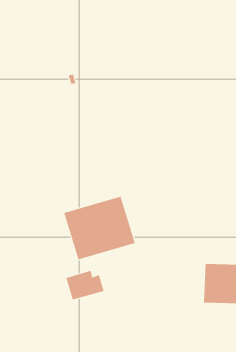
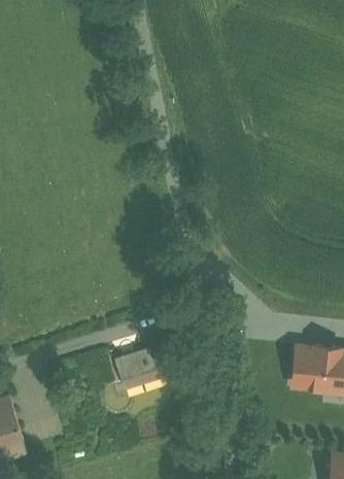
building: [64,196,135,260] -> none

